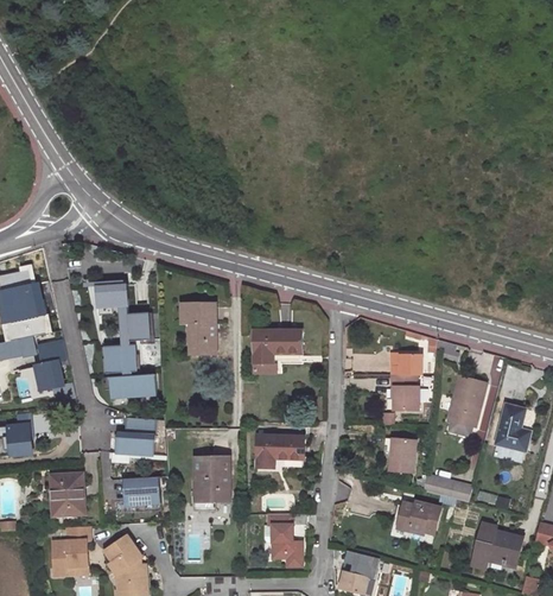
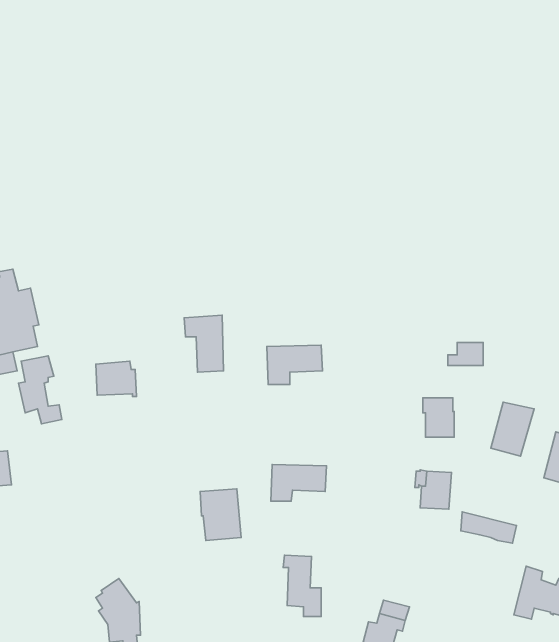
building: [97,283,150,341] -> none
building: [389,355,420,375] -> [448,343,483,366]
building: [103,374,155,397] -> none
building: [110,416,155,461] -> none
building: [51,471,83,513] -> none
building: [115,474,160,509] -> none
building: [396,502,439,534] -> none
building: [50,525,87,572] -> none

